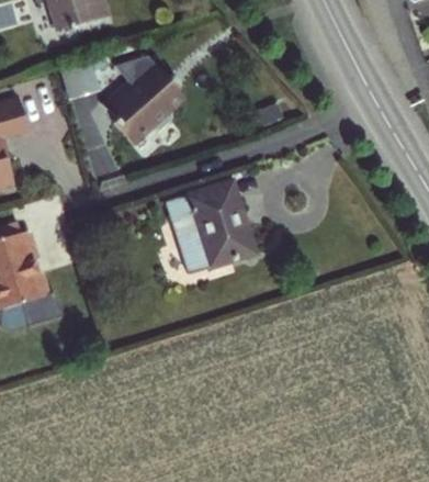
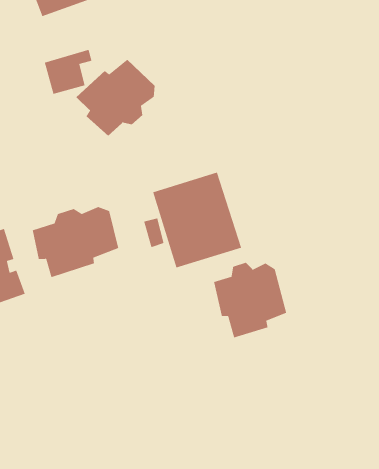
building: none -> [32,206,119,278]
building: none -> [213,262,287,338]

